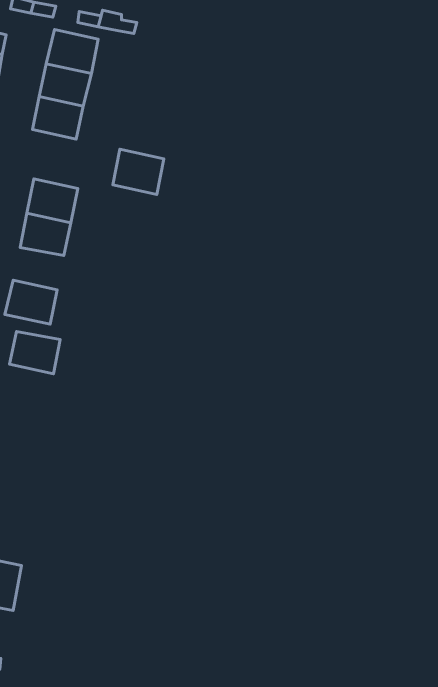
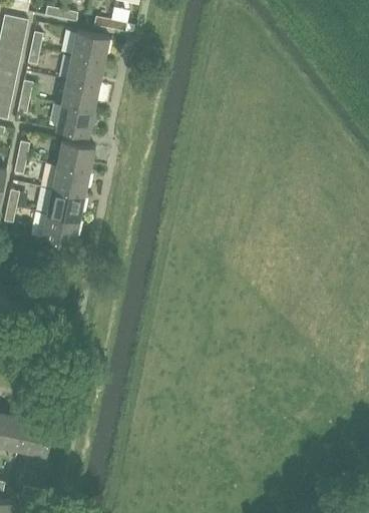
building: [113,149,164,194] -> [55,104,92,137]
building: [10,331,60,374] -> [46,190,83,221]

